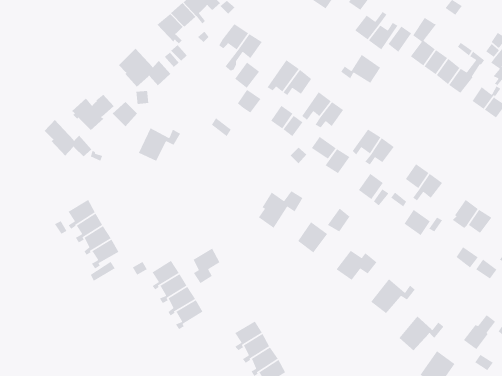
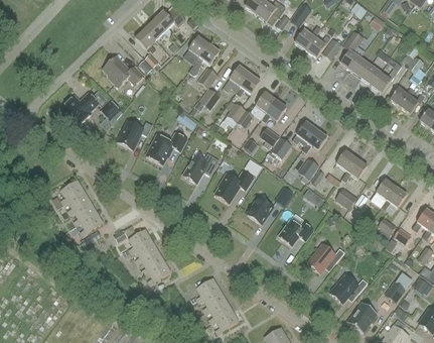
building: [340,54,381,84] -> none
building: [44,119,92,157] -> none
building: none -> [146,132,187,163]
building: none -> [183,152,220,183]
building: [192,248,220,284] -> none

